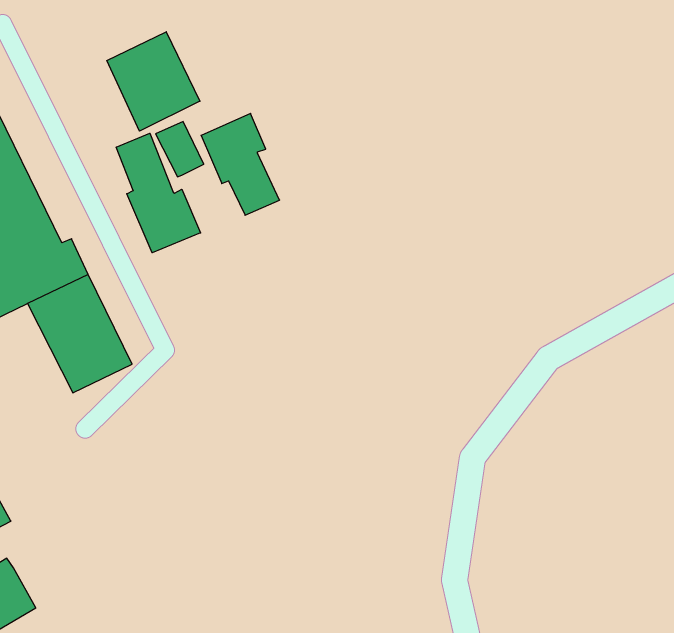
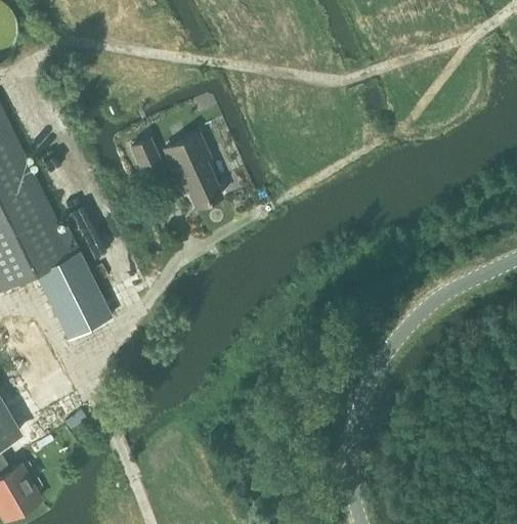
building: [107,32,200,131] -> none
building: [116,133,201,253] -> none

